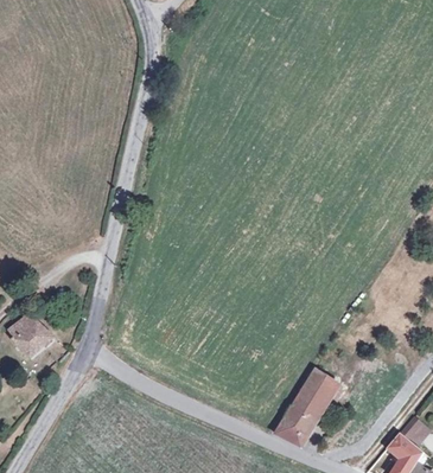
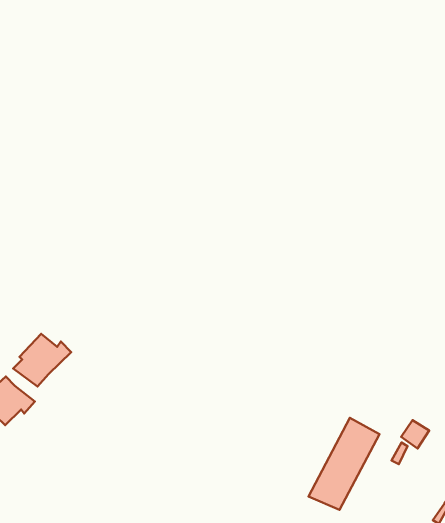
building: none -> [13,334,71,386]

